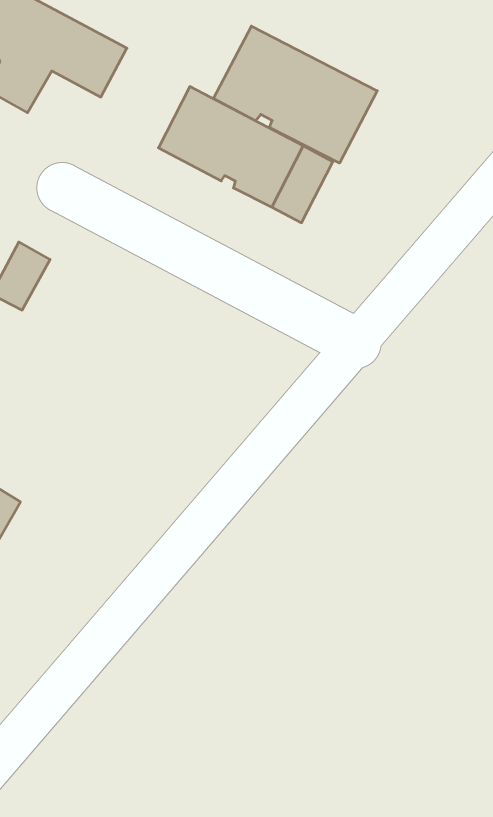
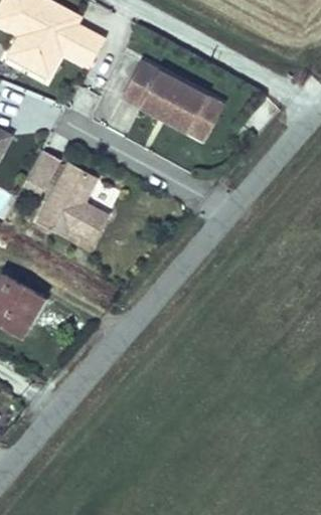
building: [214,26,377,163] -> none
building: none -> [38,162,108,241]

